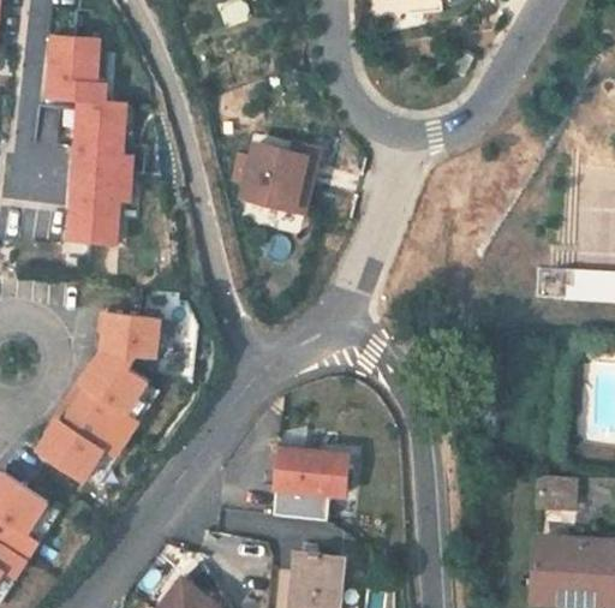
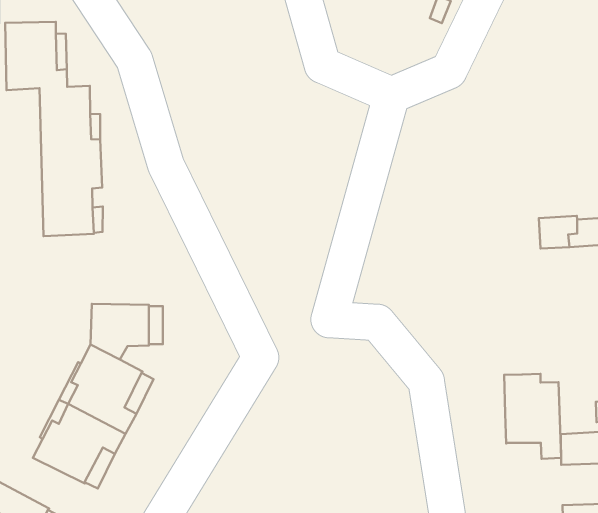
building: [244,142,320,210] -> none
building: none -> [504,374,561,459]
building: [271,449,347,520] -> none

